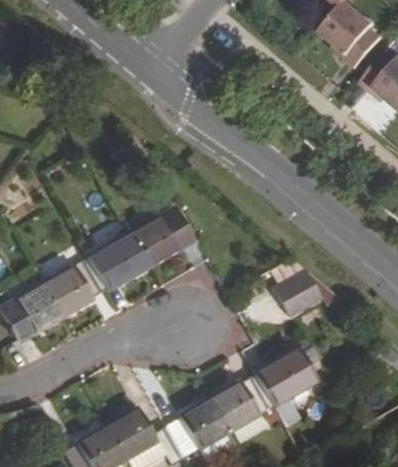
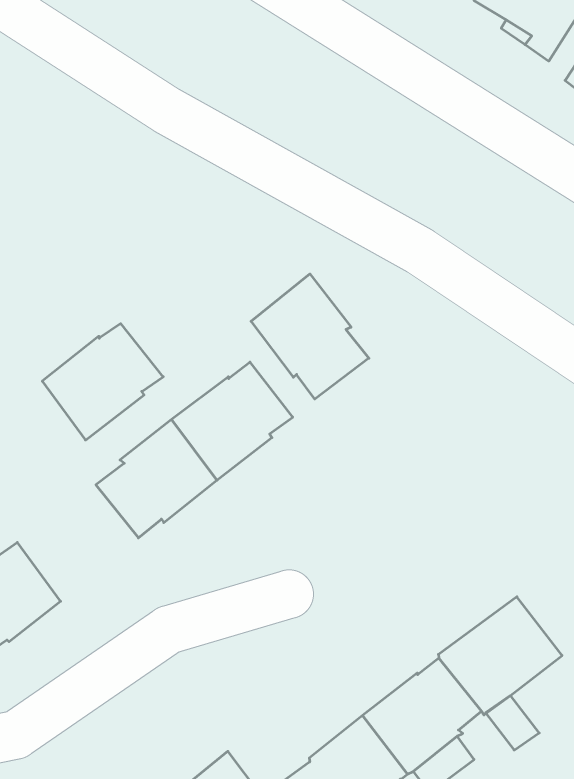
building: none -> [251,274,369,399]
building: [44,259,106,317] -> [42,324,163,440]
building: [273,265,324,315] -> none

